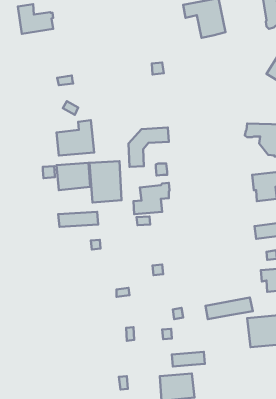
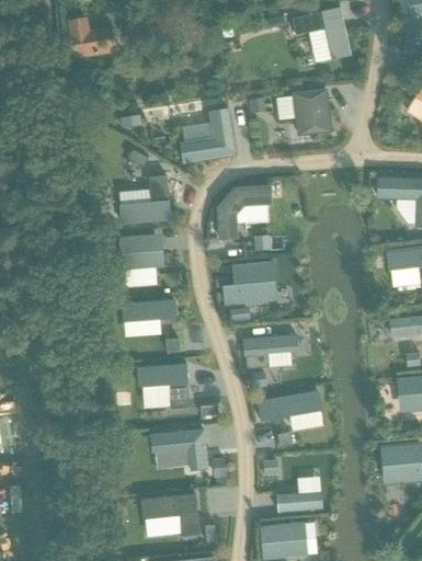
building: none -> [280,88,333,136]
building: none -> [183,110,236,163]
building: [90,161,121,202] -> none
building: none -> [243,334,298,368]
building: none -> [138,364,190,409]
building: [206,298,253,319] -> [258,391,322,421]
building: none -> [152,430,208,470]
building: none -> [145,494,201,537]

